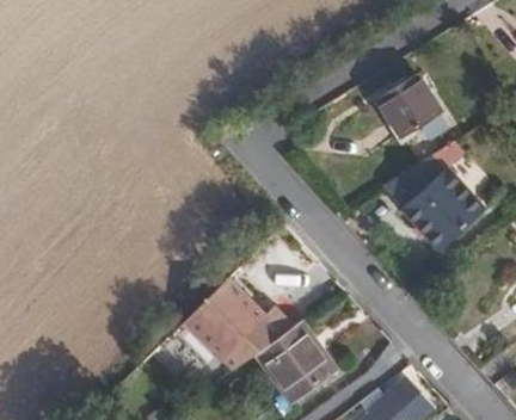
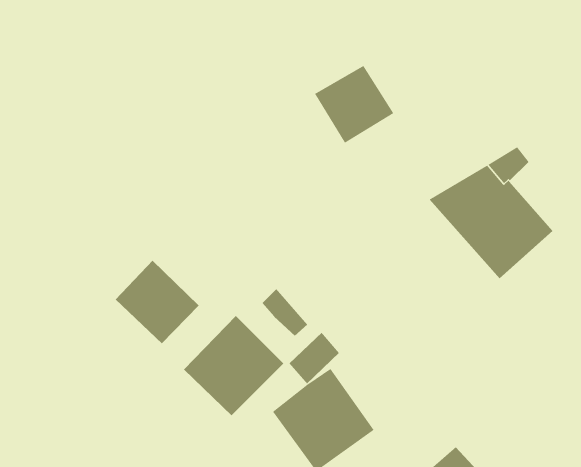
building: [374,80,437,142] -> [314,65,394,143]
building: none -> [115,260,200,344]

